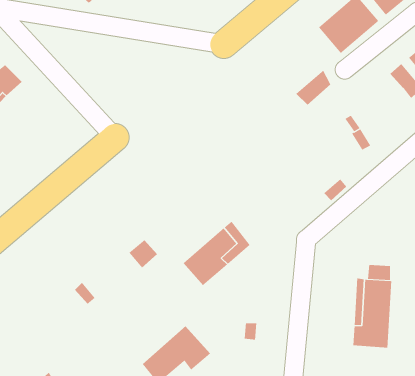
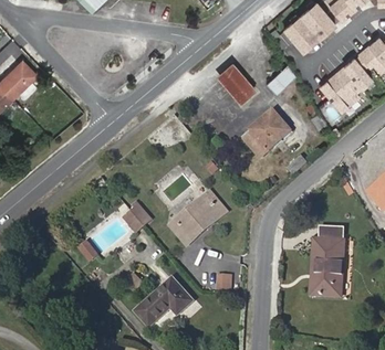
building: none -> [217,63,256,103]
building: none -> [320,68,358,113]
building: none -> [244,112,292,158]

